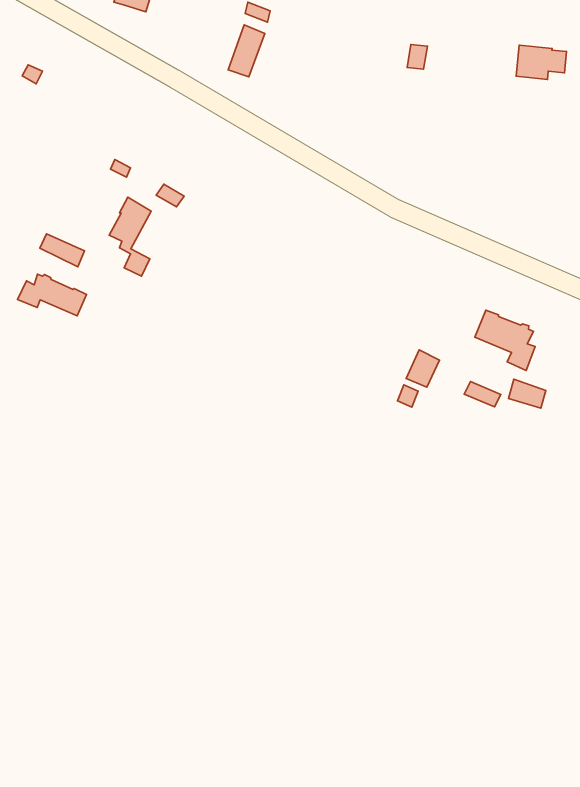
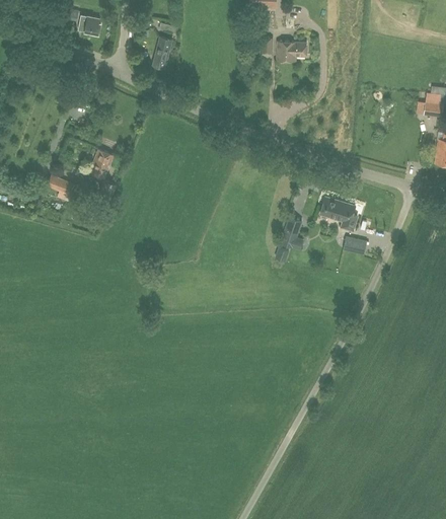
building: [516,45,567,79] -> [277,42,306,61]
building: [18,274,87,316] -> none

